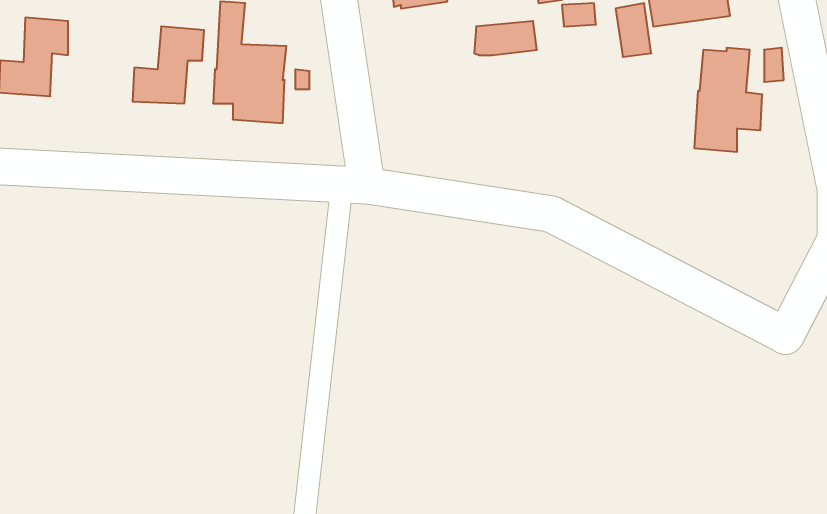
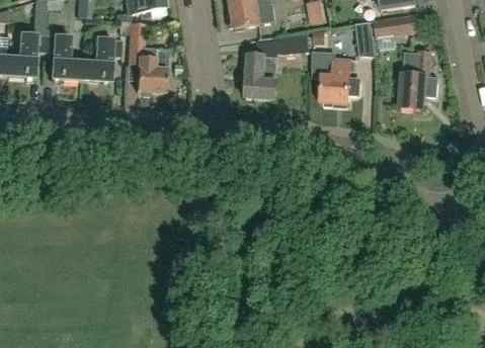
building: none -> [45,27,82,80]
building: none -> [310,51,360,105]
building: none -> [244,54,277,99]

